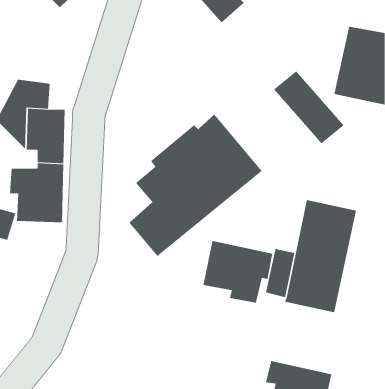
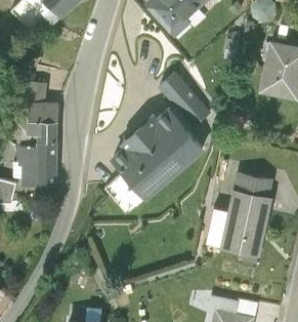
building: [273,70,344,144] -> [158,73,211,128]
building: [203,240,273,304] -> none

